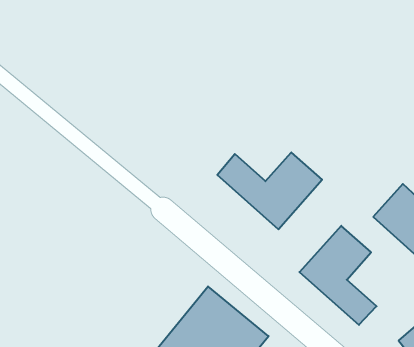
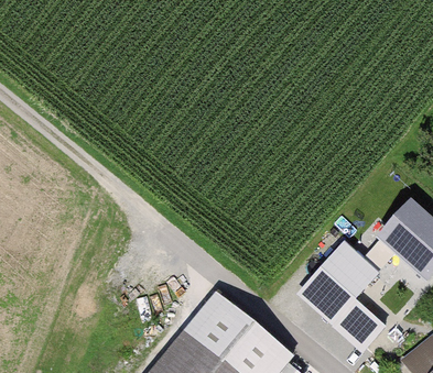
building: [217,152,322,229] -> none

